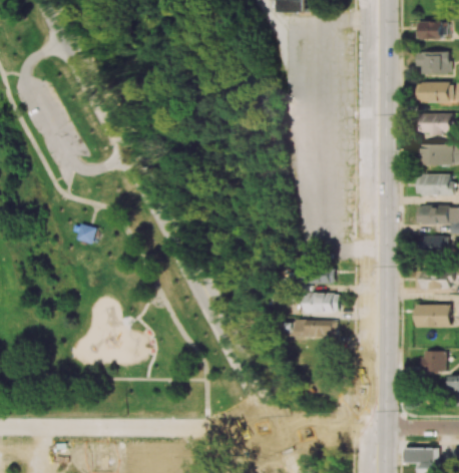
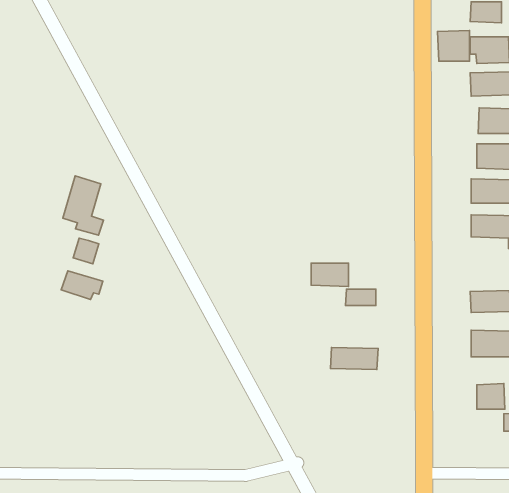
building: none -> [438,30,470,61]
building: none -> [63,176,104,235]
building: [422,235,444,254] -> none
building: none -> [61,271,103,300]
building: [307,293,339,313] -> [311,263,348,286]

